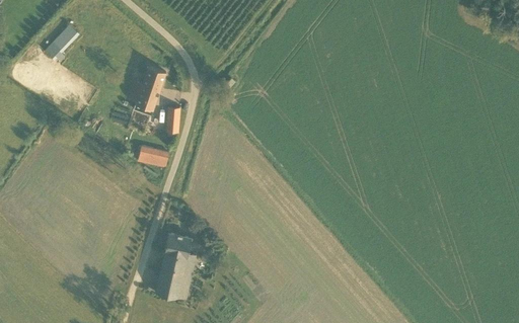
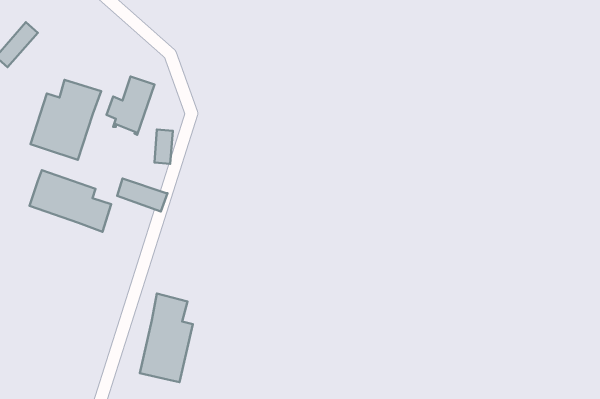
building: none -> [30,80,101,160]
building: none -> [30,170,111,232]

